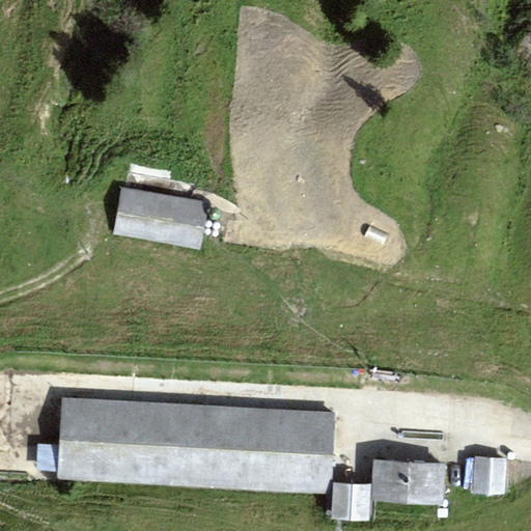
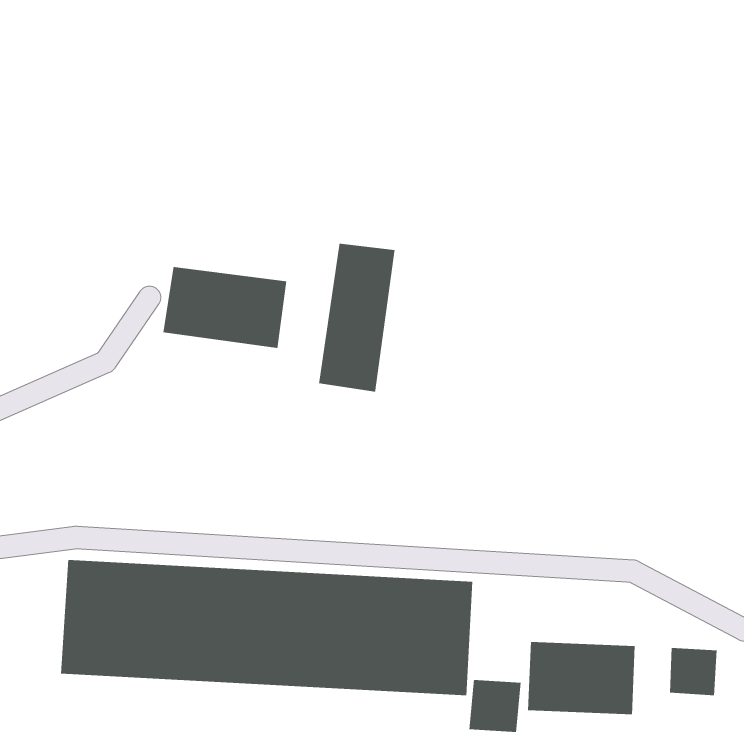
building: none -> [318,243,395,392]

